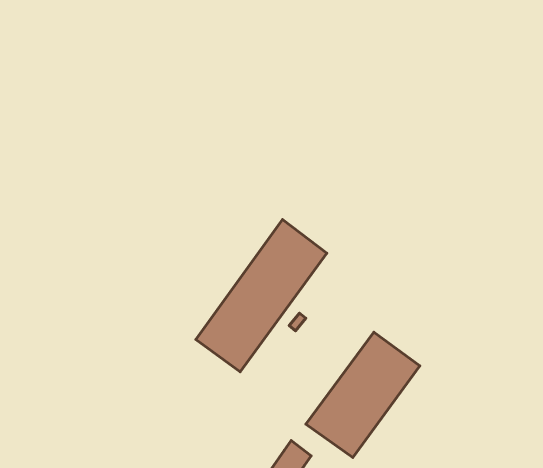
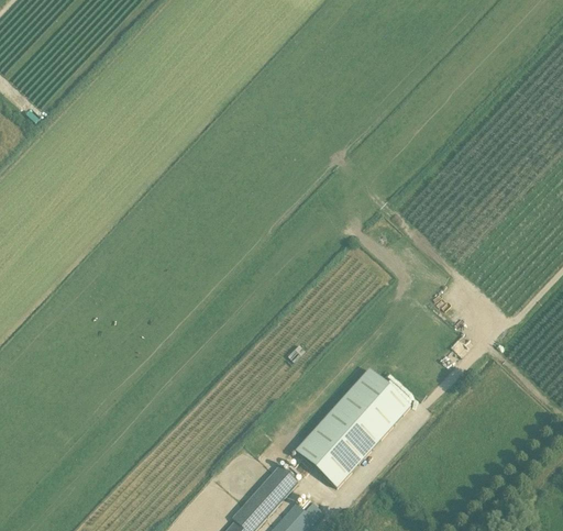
building: [196,219,327,372] -> none

